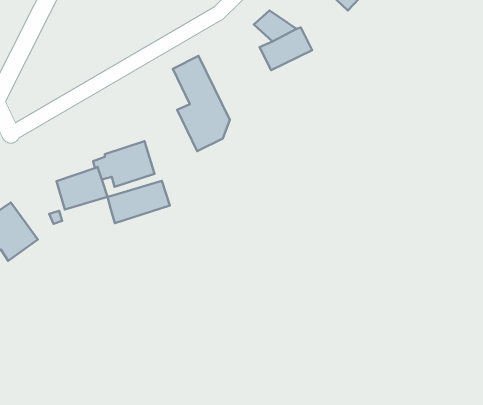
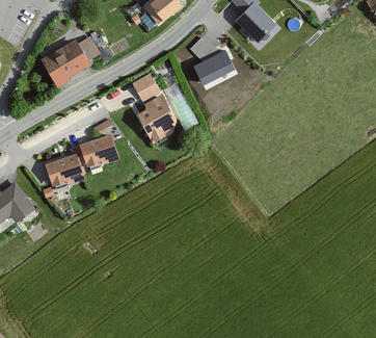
building: none -> [38,36,97,81]
building: [108,181,170,223] -> none

